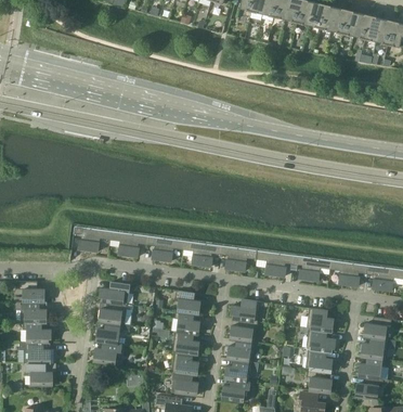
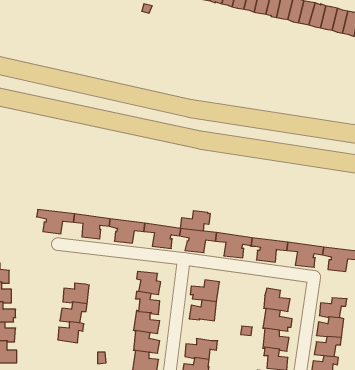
building: none -> [180,211,210,231]
building: [100,282,130,305] -> none
building: [228,339,256,362] -> none

